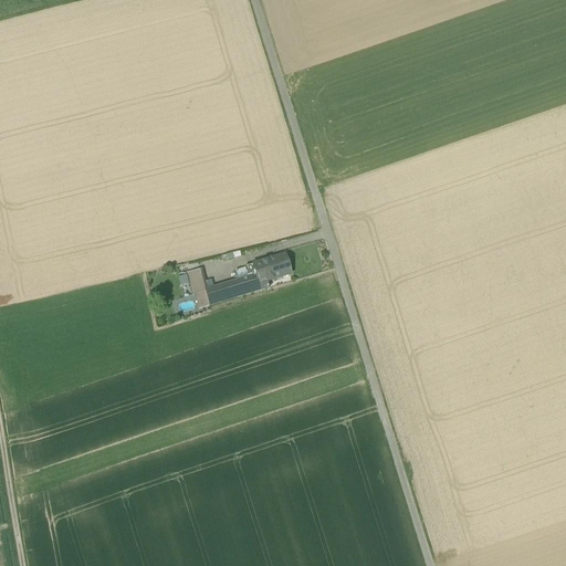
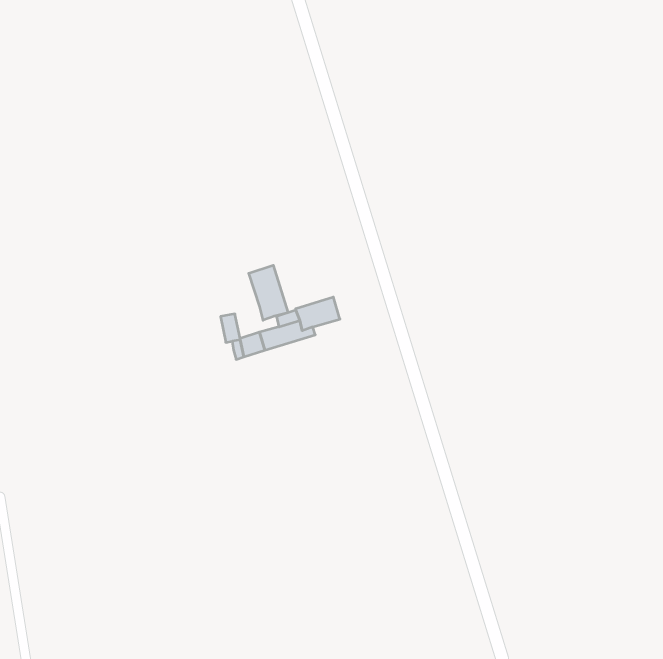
building: none -> [249,265,288,320]

